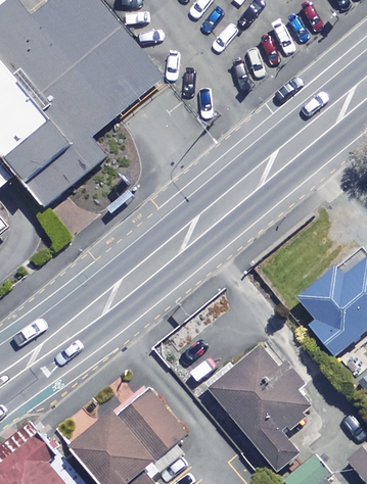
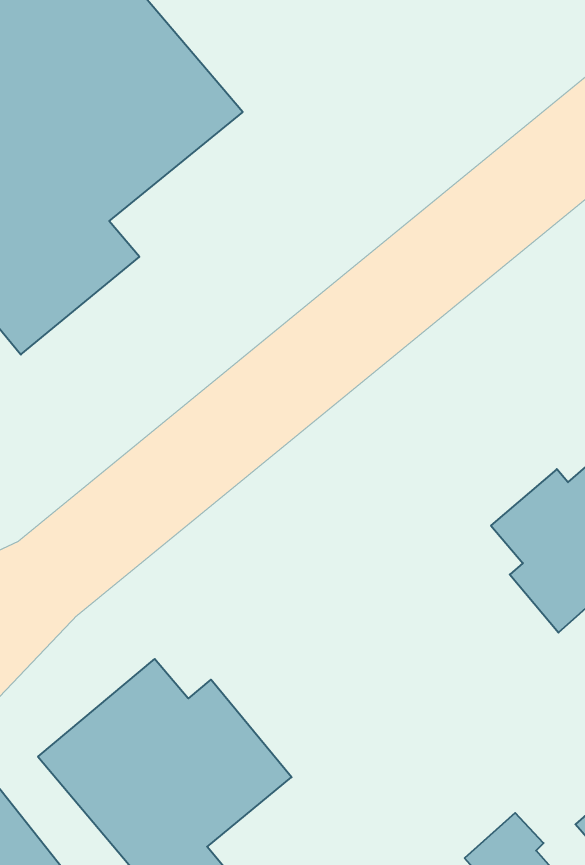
building: [211,349,318,470] -> none

